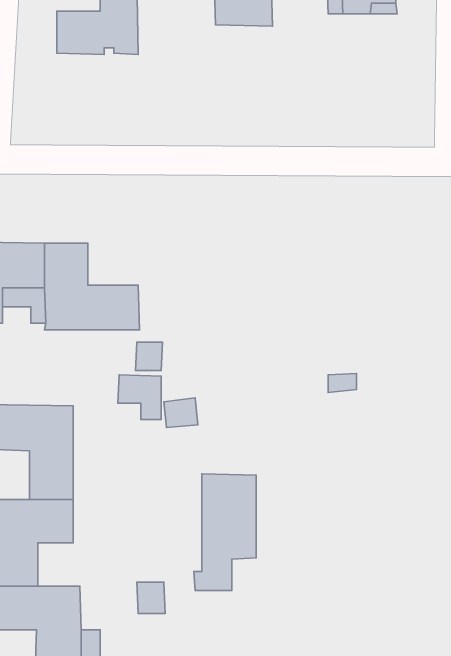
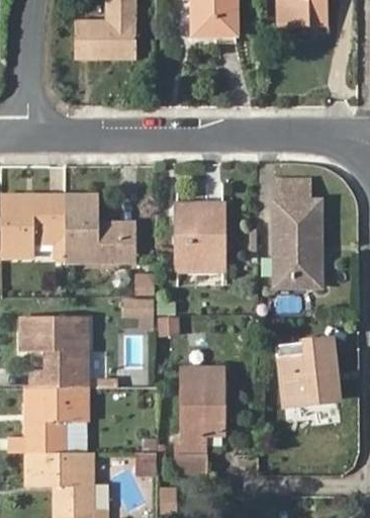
building: none -> [278,184,317,282]
building: none -> [177,205,222,271]
building: none -> [280,341,336,403]

